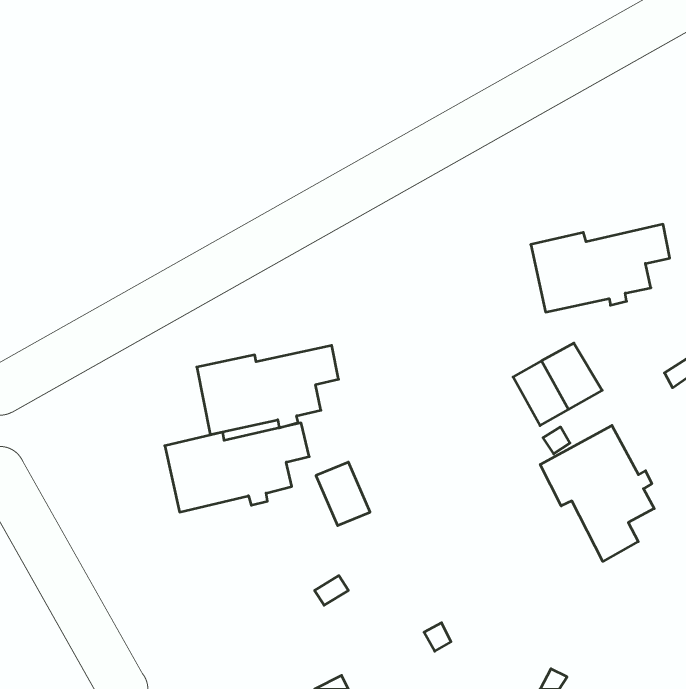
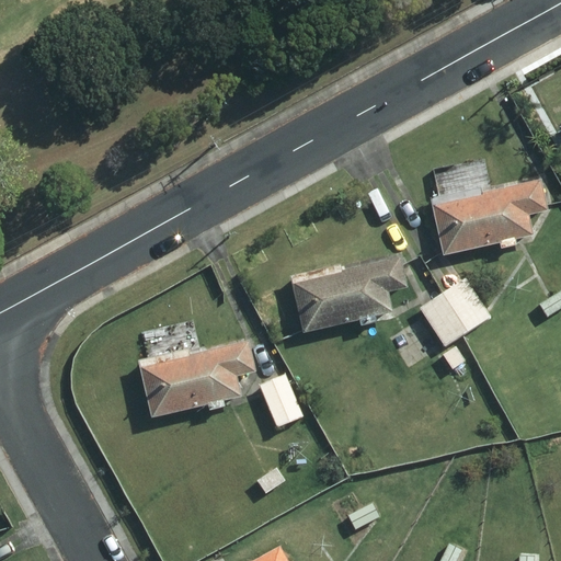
building: [197,345,339,435] -> [290,259,405,331]
building: [540,425,654,561] -> none

